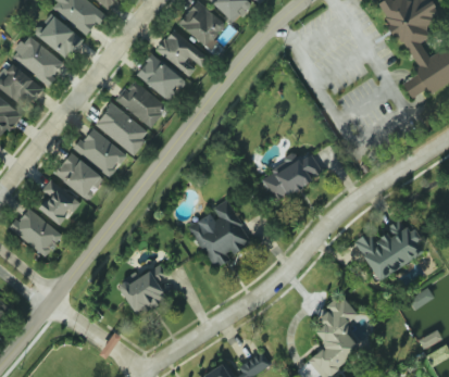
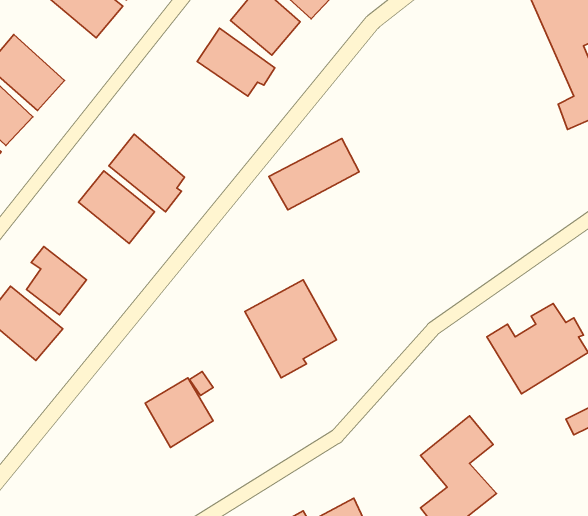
building: [38,15,83,59] -> none
building: [136,53,185,101] -> none
building: [116,81,166,128] -> none
building: [53,152,104,200] -> none
building: [261,153,323,202] -> [269,139,359,210]

